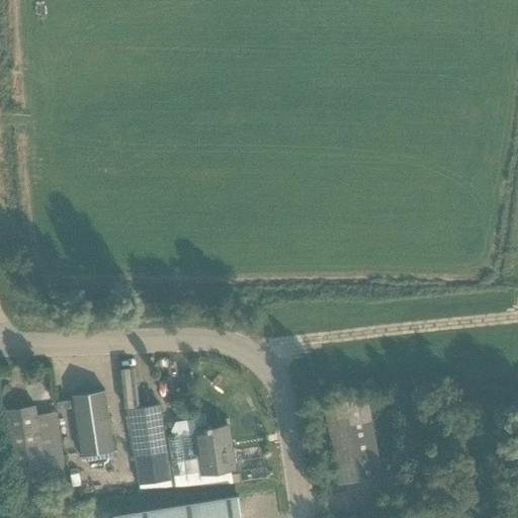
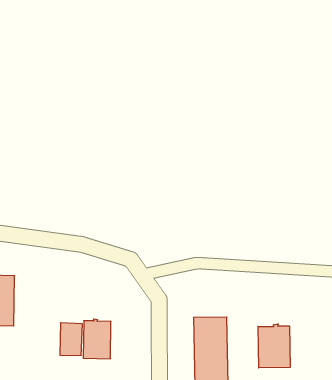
building: none -> [258,324,290,368]
building: [130,405,171,484] -> none

